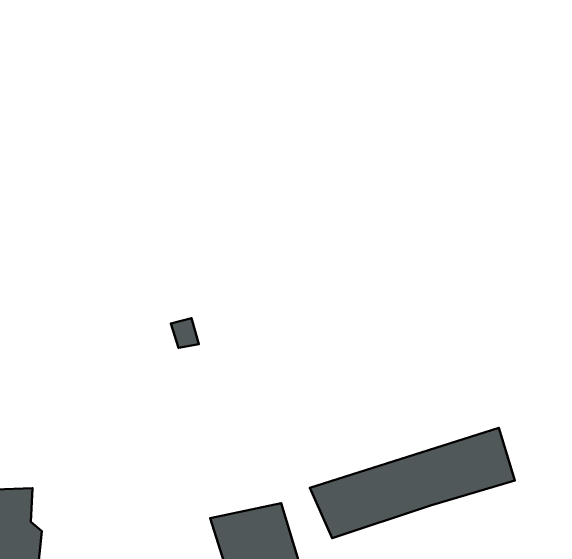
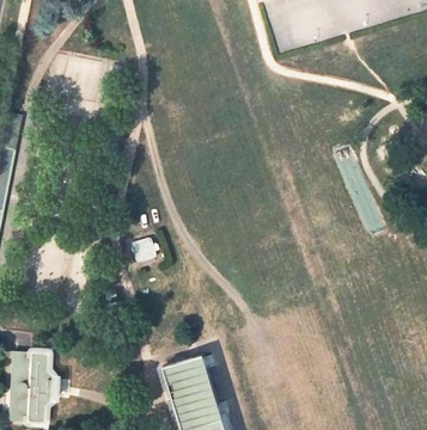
building: [310,428,515,538] -> none

